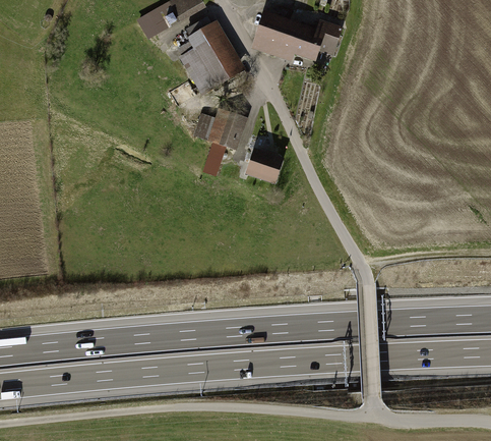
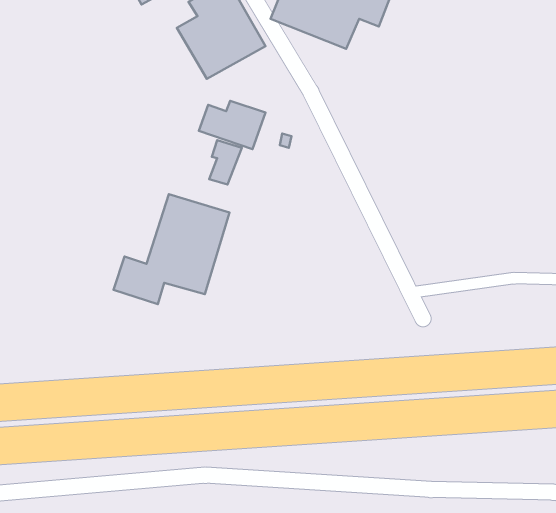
building: [245,149,284,183] -> none
building: none -> [114,194,229,304]

